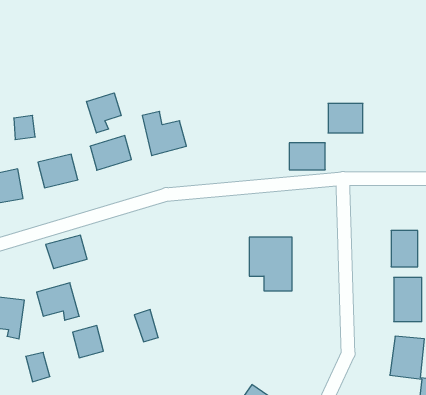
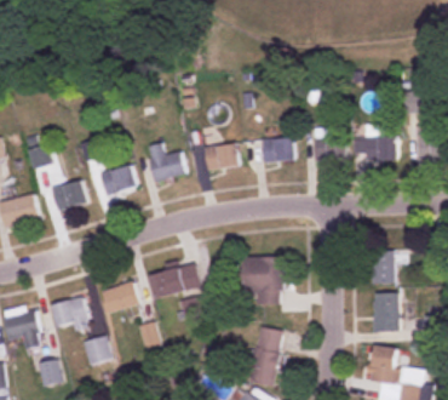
building: none -> [363,124,397,159]
building: [87,93,121,133] -> none
building: none -> [203,142,239,170]
building: [289,143,325,170] -> [260,137,293,161]
building: [46,235,87,269] -> [100,282,138,313]
building: none -> [148,263,201,298]
building: none -> [249,325,282,384]

